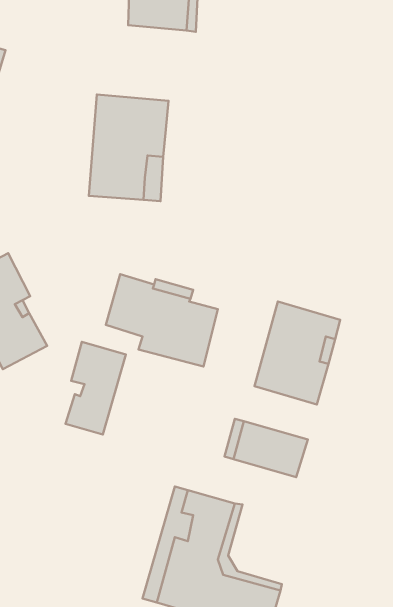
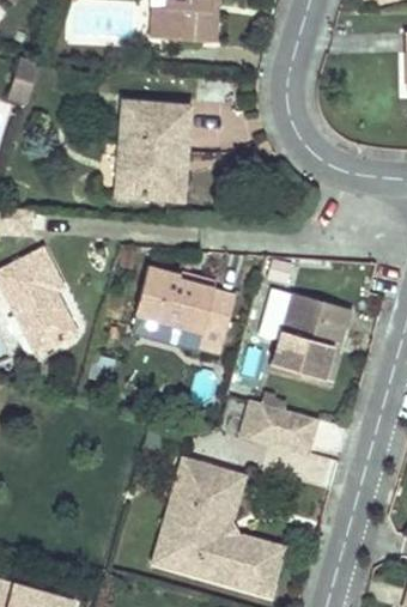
building: [66,342,126,434] -> none

